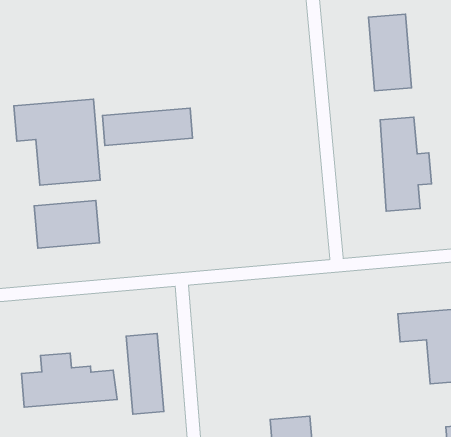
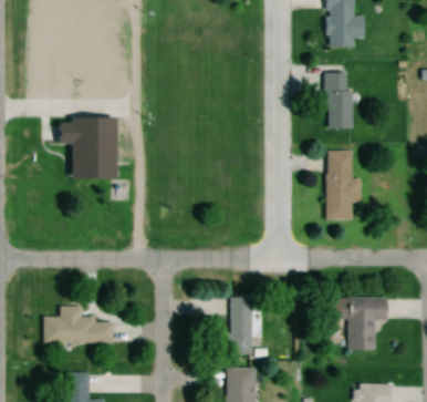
building: [102,108,193,145] -> none
building: [34,201,99,248] -> none
building: [126,334,164,414] -> [230,297,253,355]

